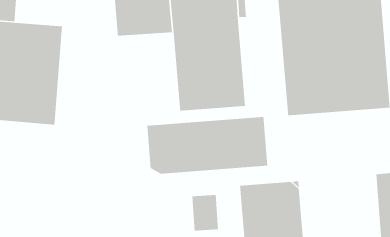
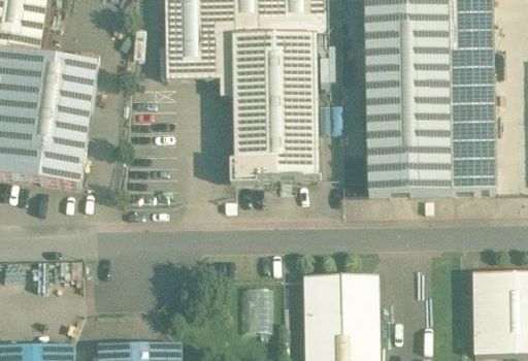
building: [146,116,268,175] -> none

